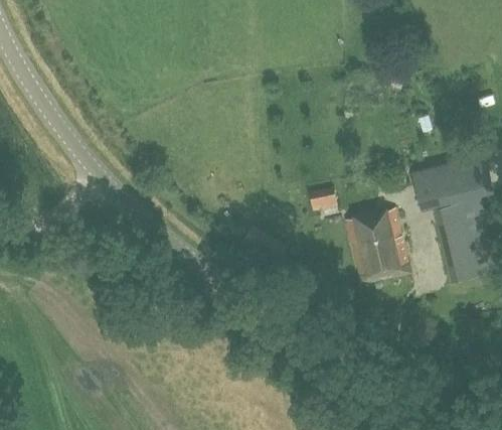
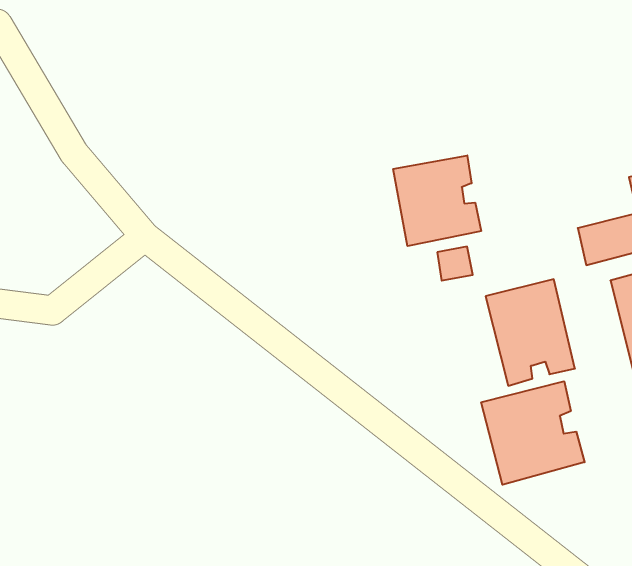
building: none -> [393,155,481,246]
building: none -> [481,381,585,485]

